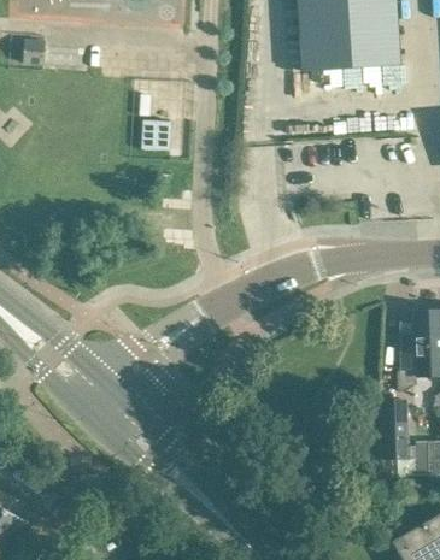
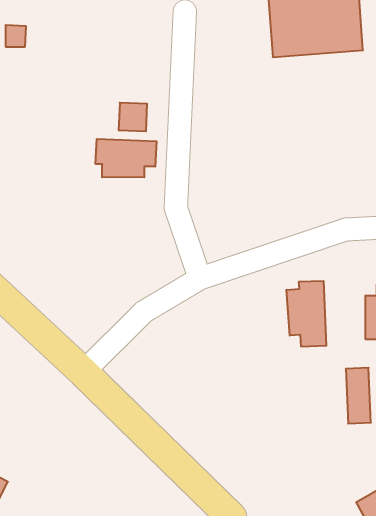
building: none -> [96,139,157,177]
building: none -> [286,281,326,347]

